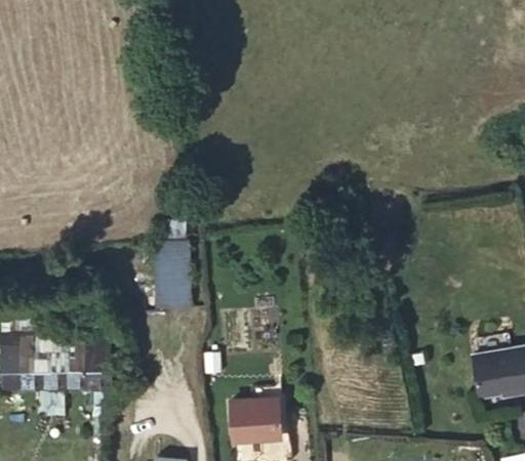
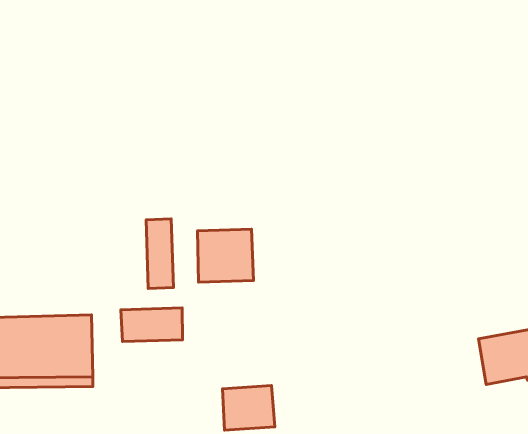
building: none -> [197,229,254,282]
building: none -> [121,308,182,342]

